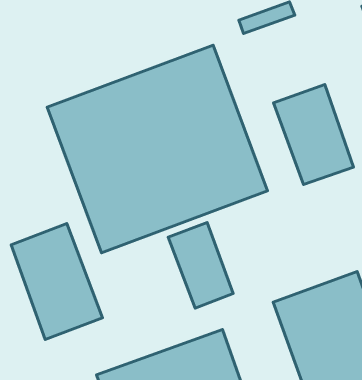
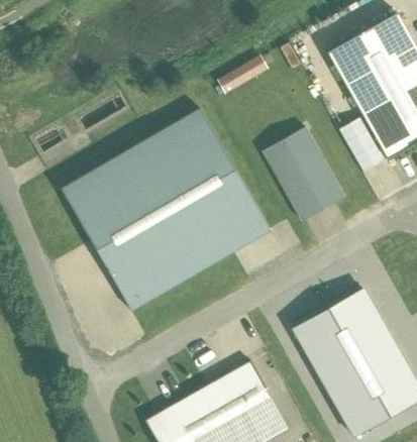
building: [168,222,233,308] -> none
building: [11,224,102,339] -> none

